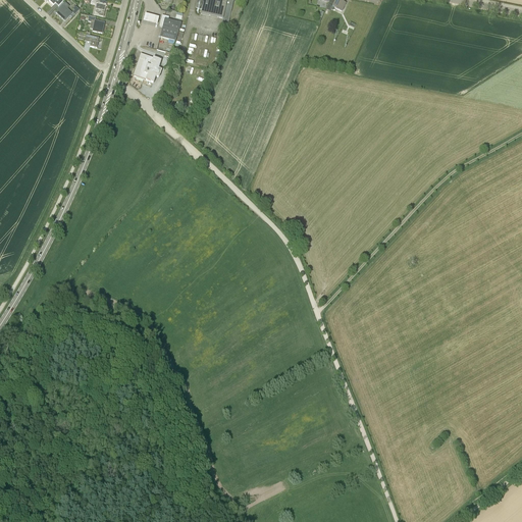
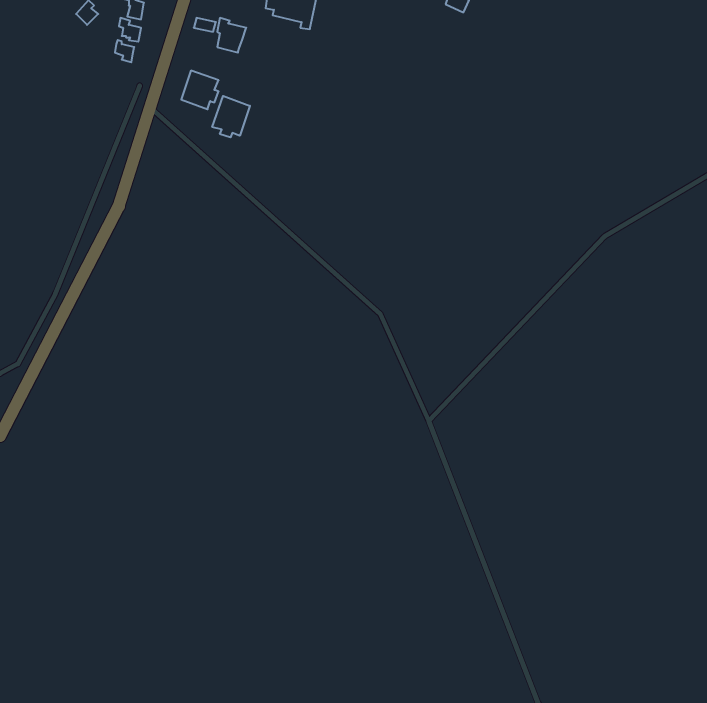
building: none -> [212,96,250,137]

